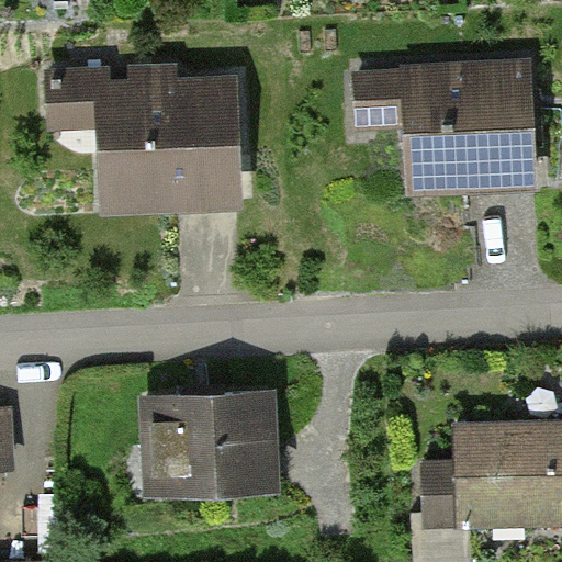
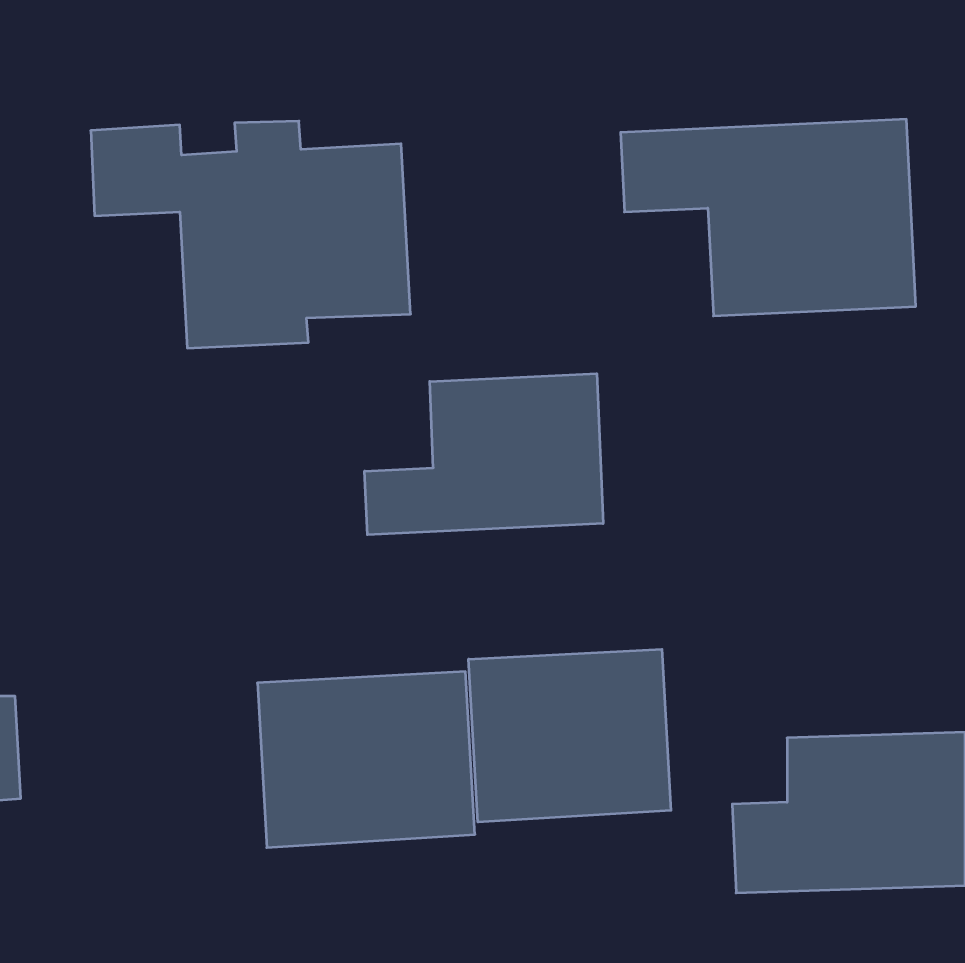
building: none -> [365,374,603,535]
building: none -> [469,649,671,822]

